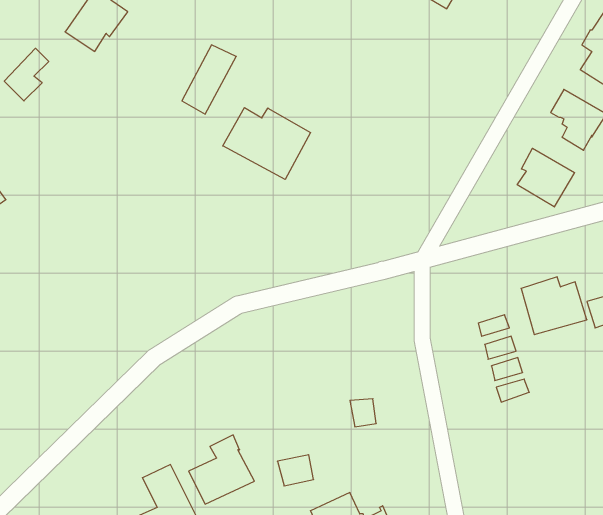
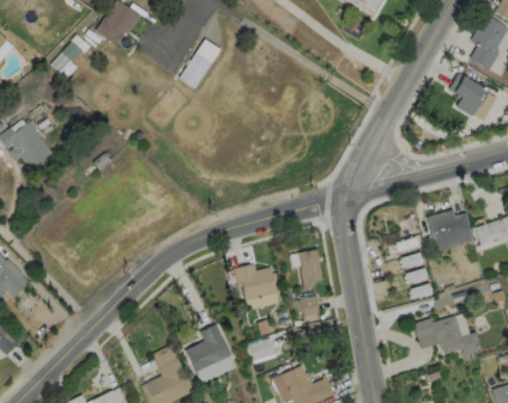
building: [223,108,311,179] -> none
building: [517,148,575,207] -> none
building: none -> [297,250,322,288]
building: none -> [234,264,277,300]
building: none -> [413,316,480,355]

